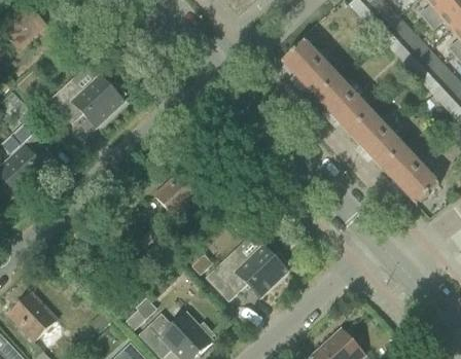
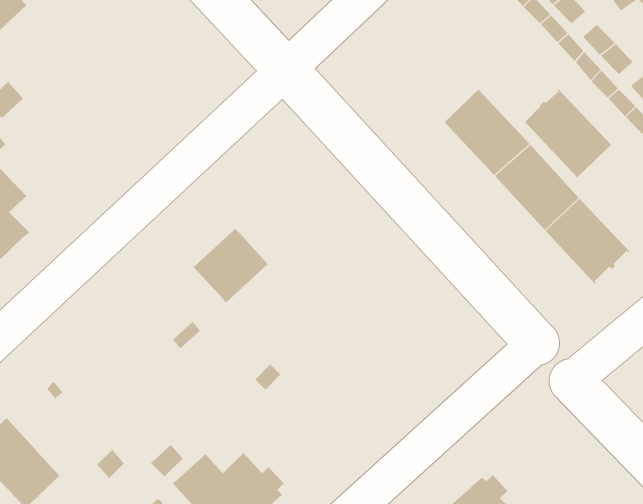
building: [282,39,340,98] -> [524,88,612,178]
building: [51,75,125,125] -> none
building: [207,246,288,299] -> none

